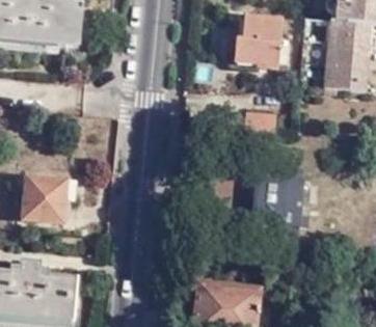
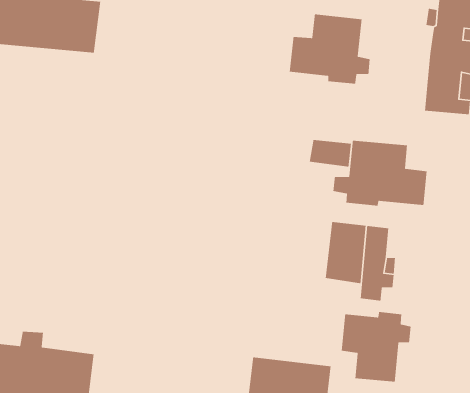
building: none -> [332,140,427,207]
building: [22,173,76,219] -> none
building: none -> [341,311,412,382]

